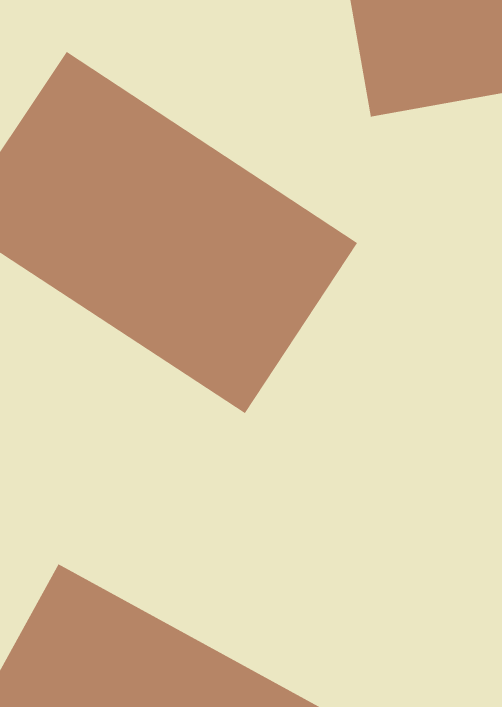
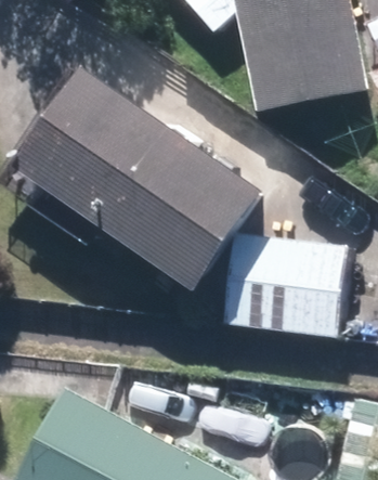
building: none -> [224,234,346,336]

